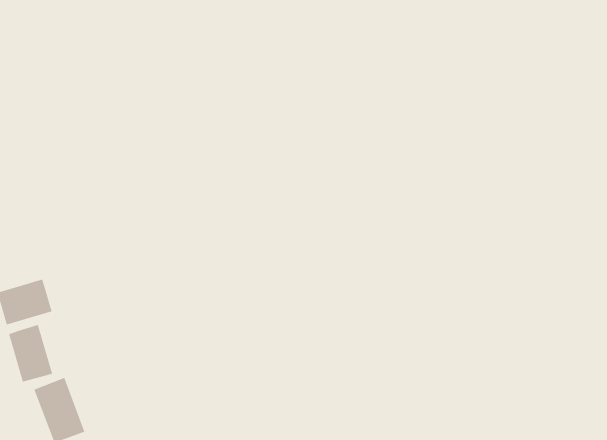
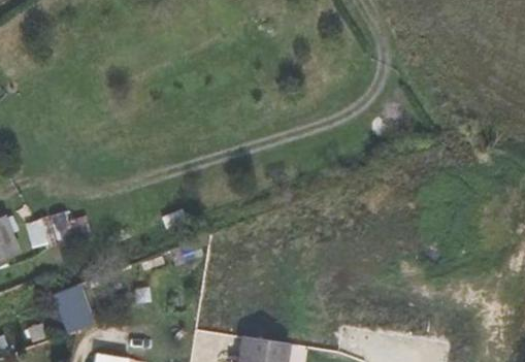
building: [9,324,53,383] -> none

